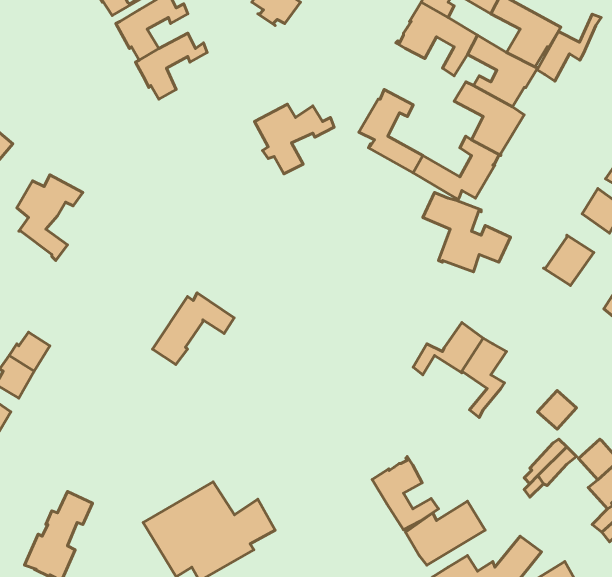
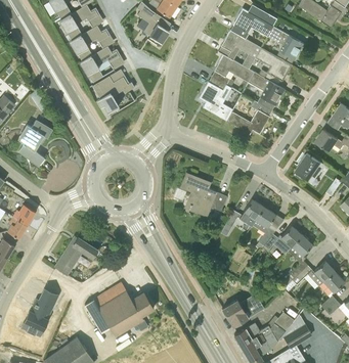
building: [537,14,601,81] -> none
building: none -> [211,55,254,87]
building: [255,104,334,174] -> [90,77,132,114]
building: [423,192,510,272] -> [180,174,226,216]
building: [152,293,234,365] -> [54,237,97,275]
building: none -> [263,226,302,255]
building: [372,457,439,530] -> none

